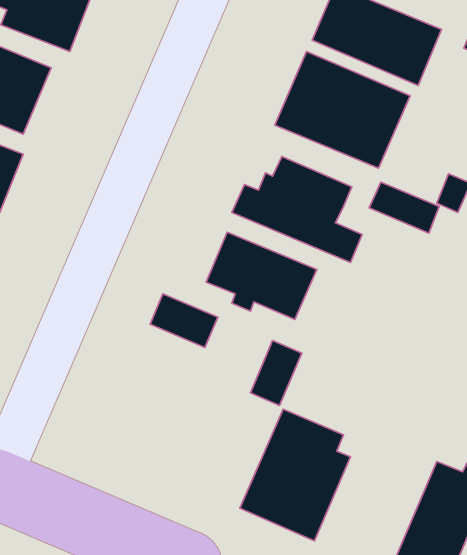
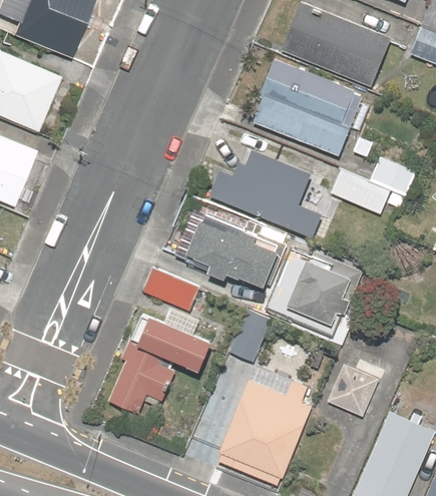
building: none -> [287,251,361,335]
building: none -> [109,313,217,413]
building: none -> [328,359,383,416]

